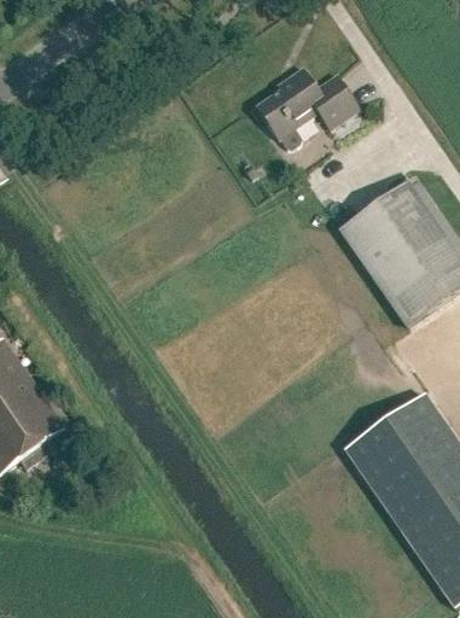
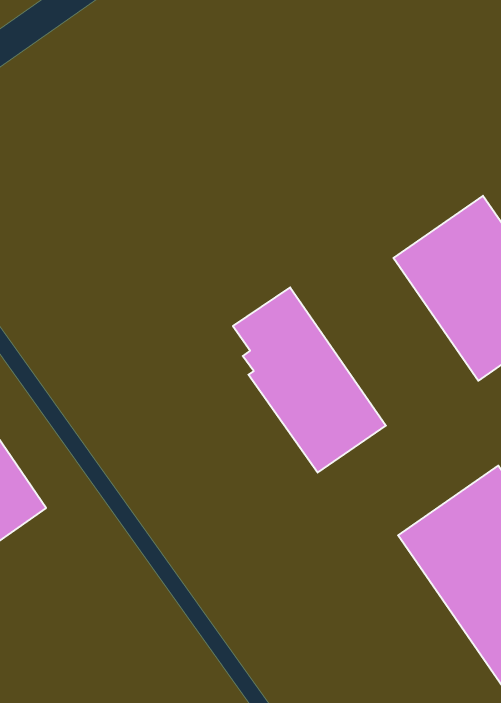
building: [255,68,359,148] -> none
building: none -> [233,287,386,473]

